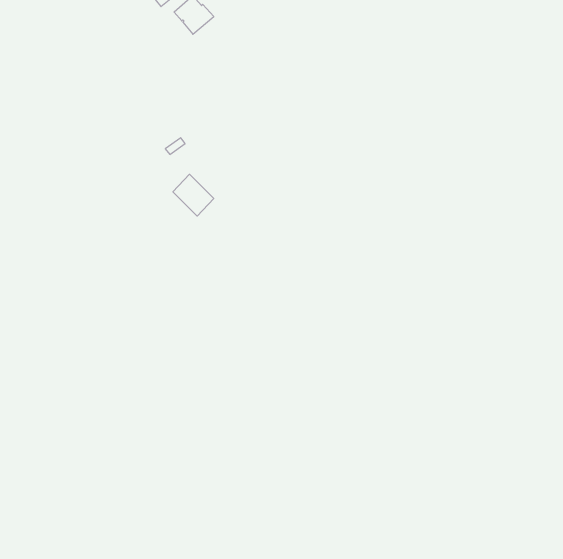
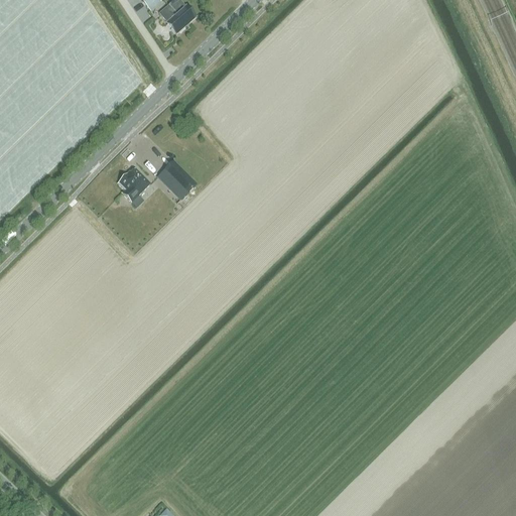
building: none -> [118,166,150,201]

